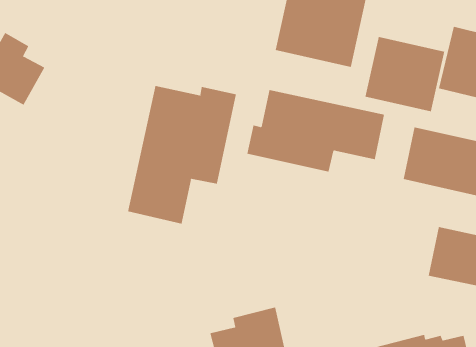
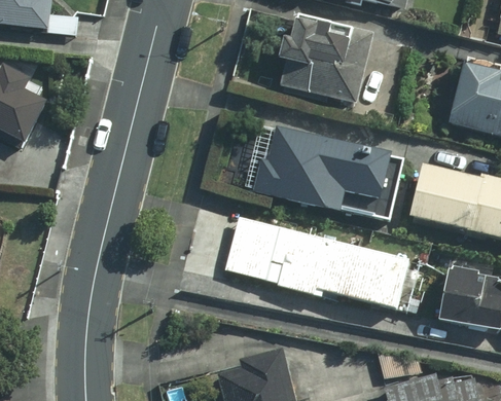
building: [365,36,445,112] -> none
building: [128,85,236,225] -> none
building: none -> [222,216,409,313]

